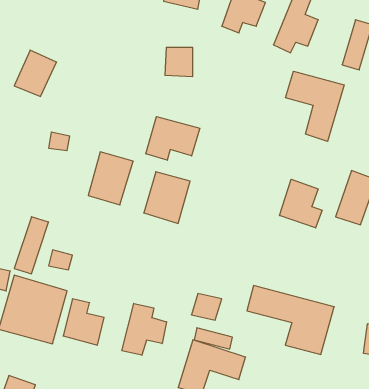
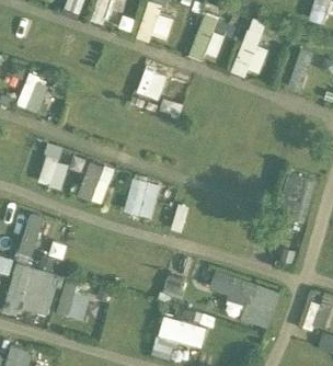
building: [286,71,344,141] -> none
building: [146,117,200,160] -> none
building: none -> [36,159,68,190]
building: [280,179,322,228] -> none
building: [122,303,167,355] -> none

